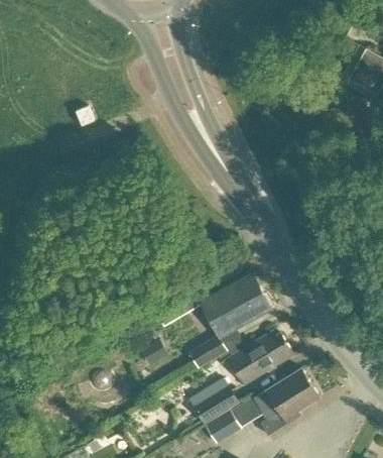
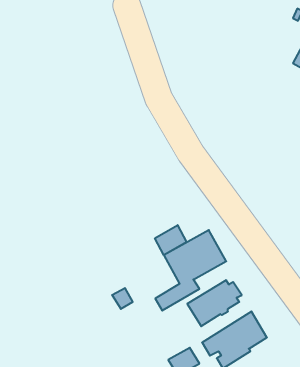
building: none -> [155,225,187,255]
building: [193,385,238,424] -> none

